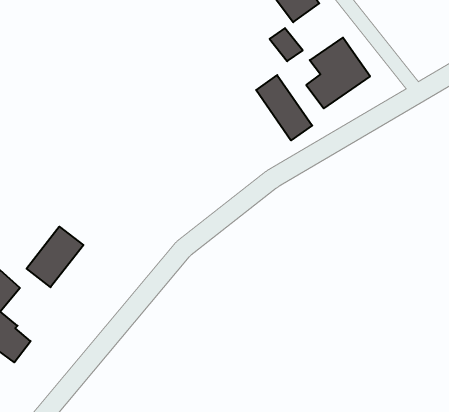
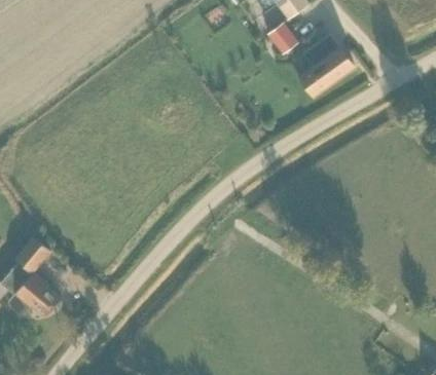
building: [256,75,312,140] -> none
building: [27,227,83,287] -> none

